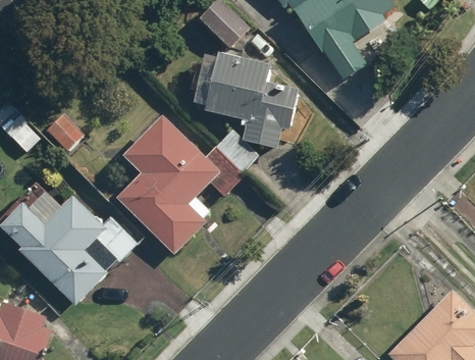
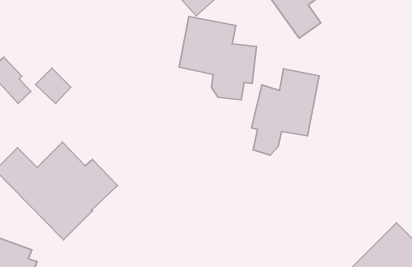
building: none -> [252,69,319,155]
building: [115,116,257,254] -> none

